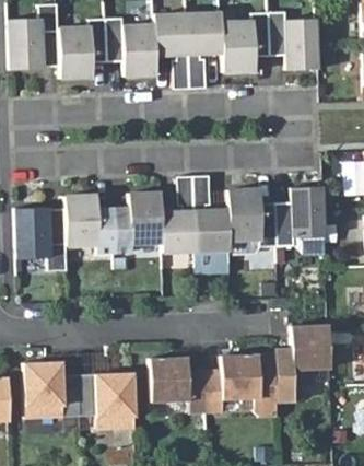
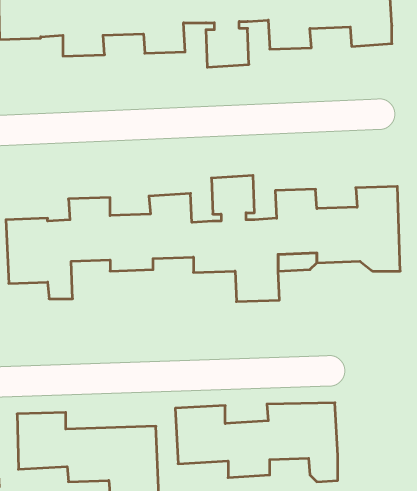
building: [273,324,329,396] -> none

